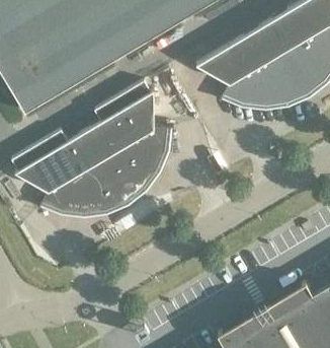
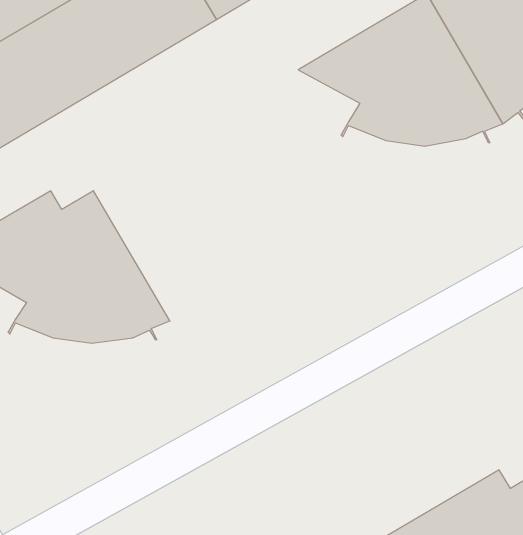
building: [84,83,173,204] -> none

